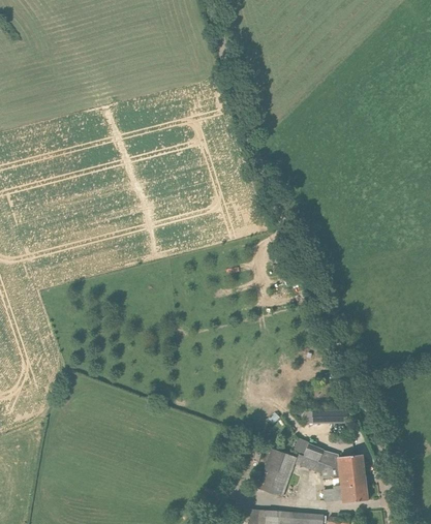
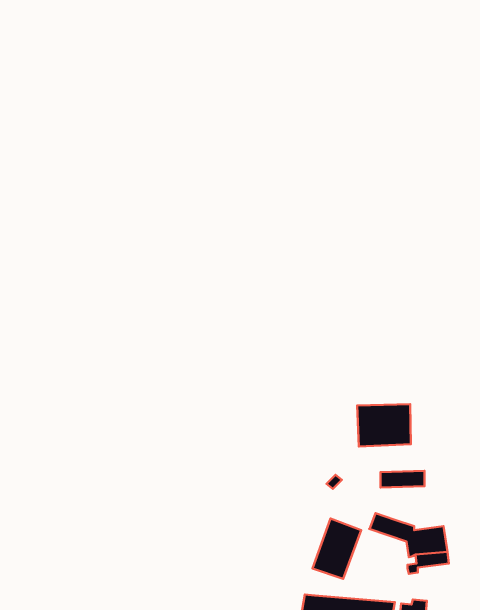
building: none -> [357,404,411,446]
building: [297,455,336,481] -> none
building: [325,485,369,503] -> none

